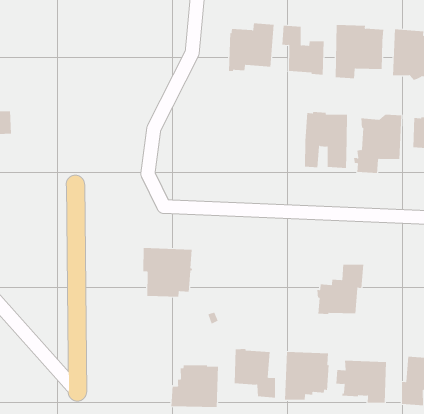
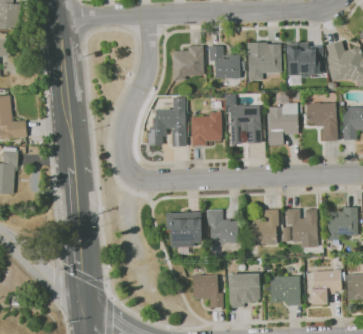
building: none -> [149,97,187,146]
building: none -> [192,111,222,146]
building: [142,247,193,297] -> [167,212,203,247]
building: none -> [207,209,239,244]
building: none -> [286,208,318,247]
building: [171,365,218,408] -> none

